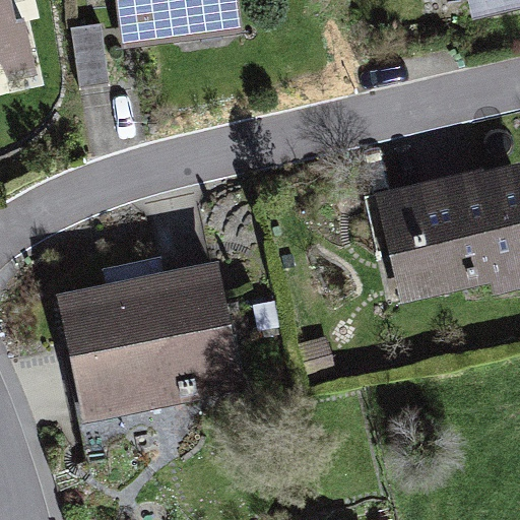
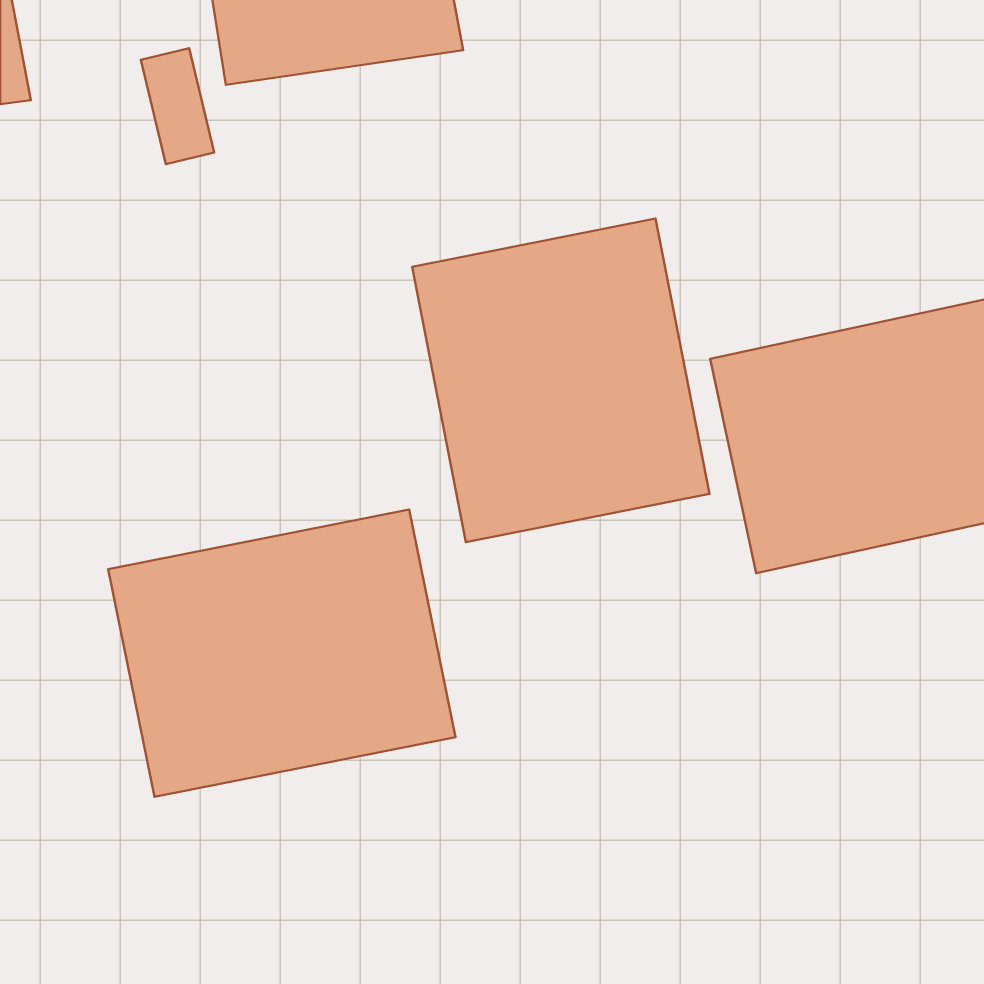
building: none -> [412,218,709,542]

